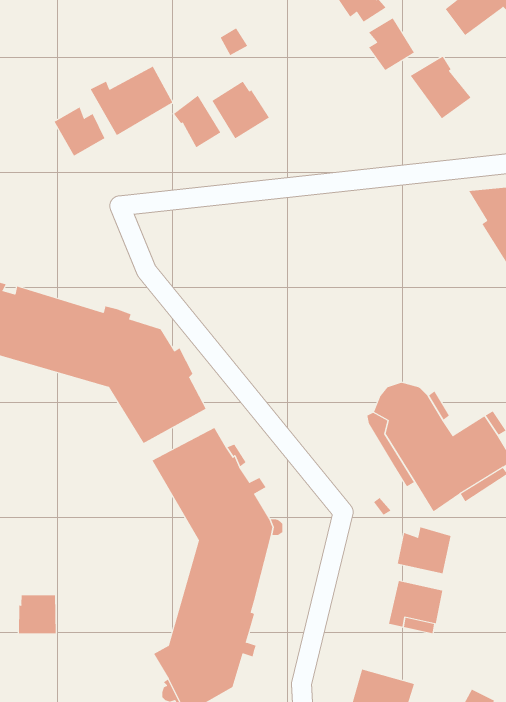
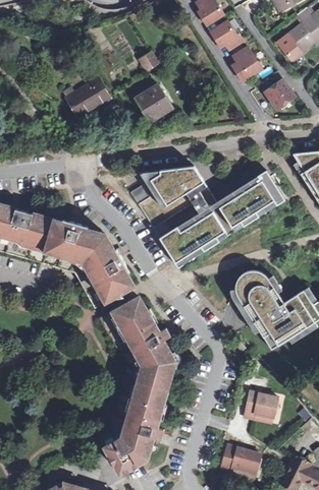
building: [173,95,221,148] -> none
building: [54,106,105,156] -> none
building: none -> [130,166,288,266]
building: [397,527,451,574] -> none
building: [18,594,56,634] -> none

